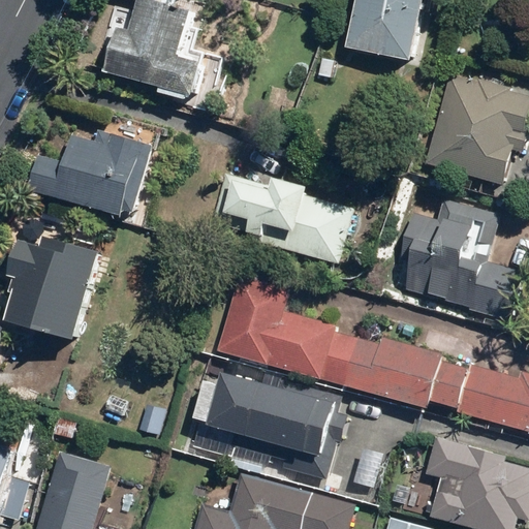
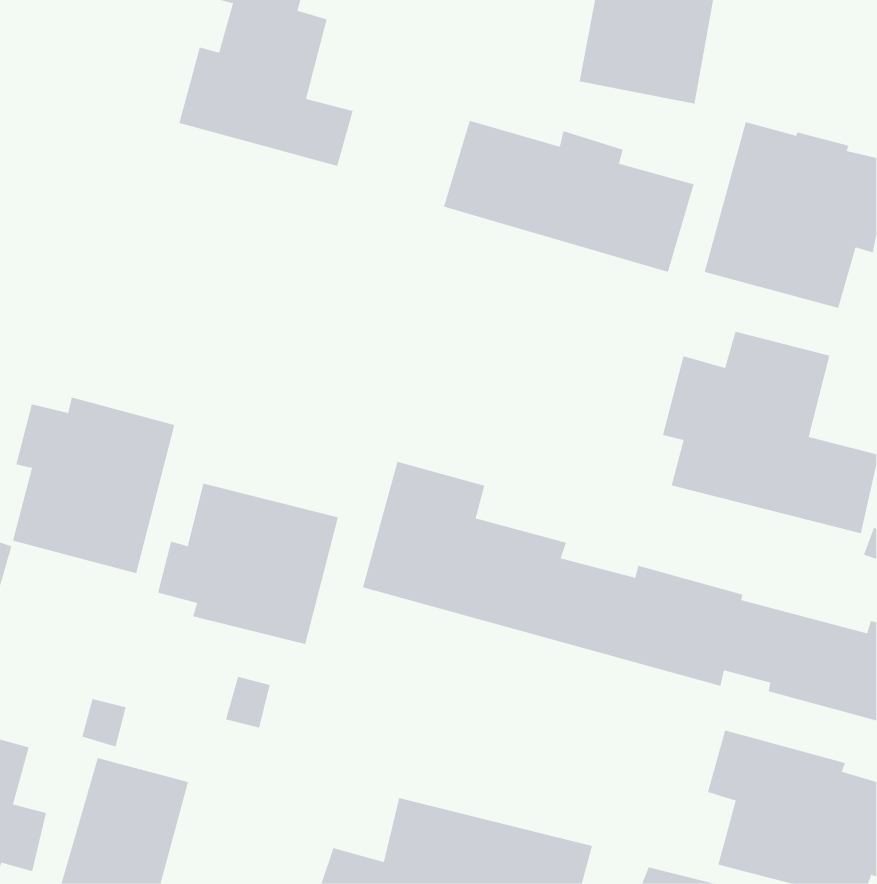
building: [30,131,158,218] -> none
building: [205,172,354,262] -> [443,120,694,273]
building: none -> [157,483,339,645]
building: [211,374,339,454] -> none

